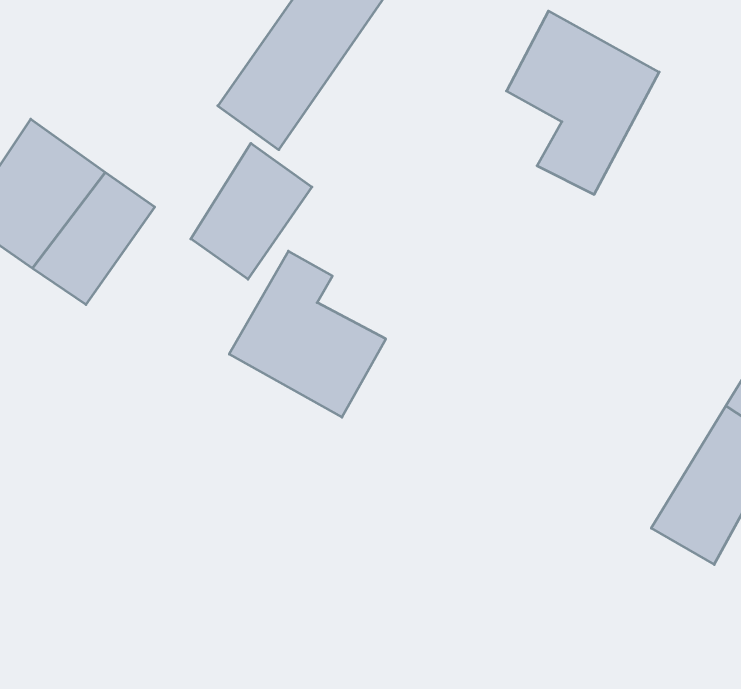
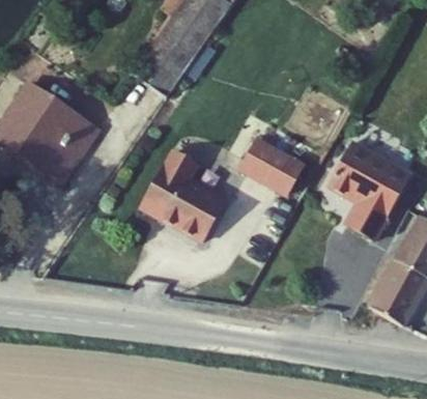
building: [506,11,659,194] -> [325,140,408,239]
building: [191,143,312,279] -> none
building: none -> [239,140,301,195]

